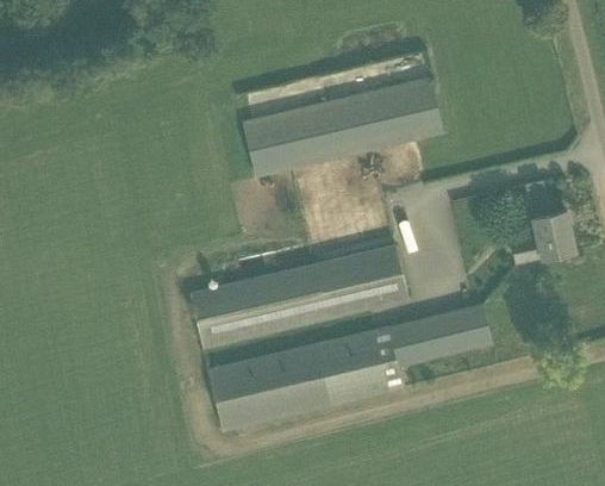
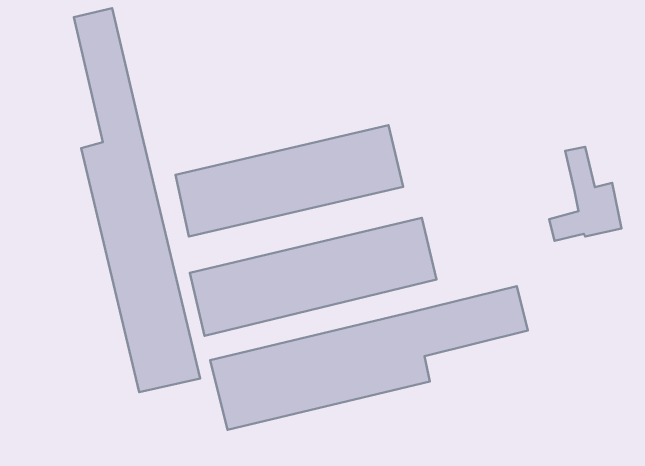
building: none -> [74,8,200,392]
building: [242,77,444,176] -> [175,125,403,236]

